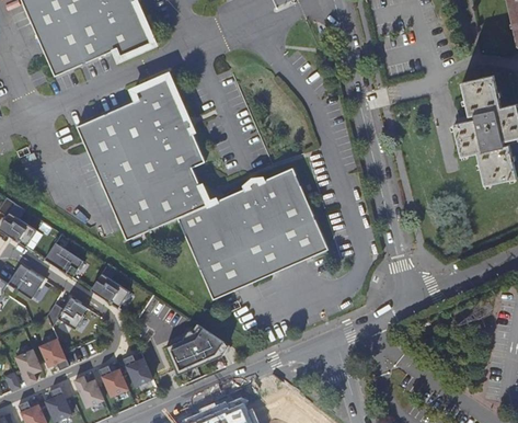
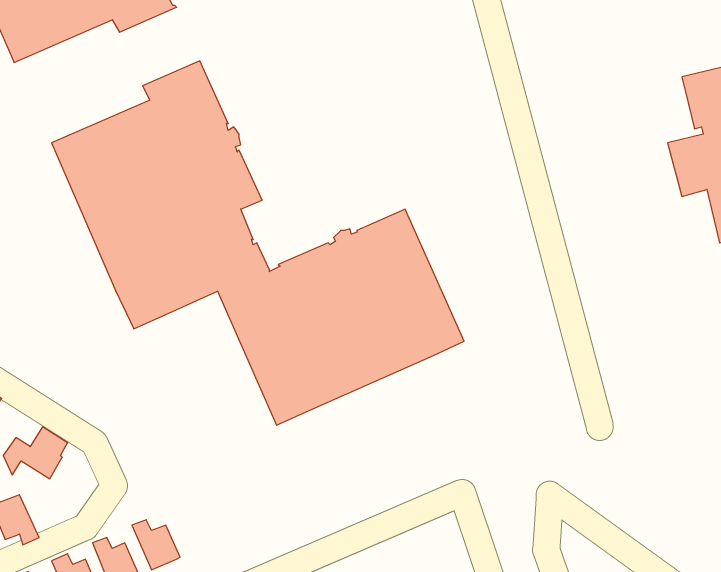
building: [54,247,84,277] -> none
building: [101,277,131,307] -> none
building: [163,323,222,374] -> none

